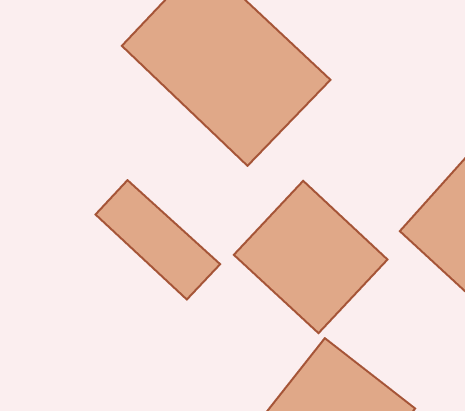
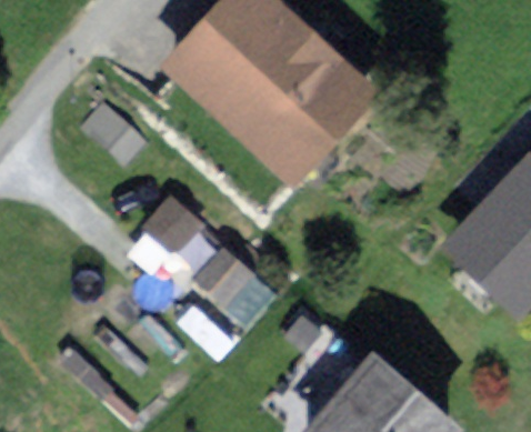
building: [234,181,388,333] -> none

